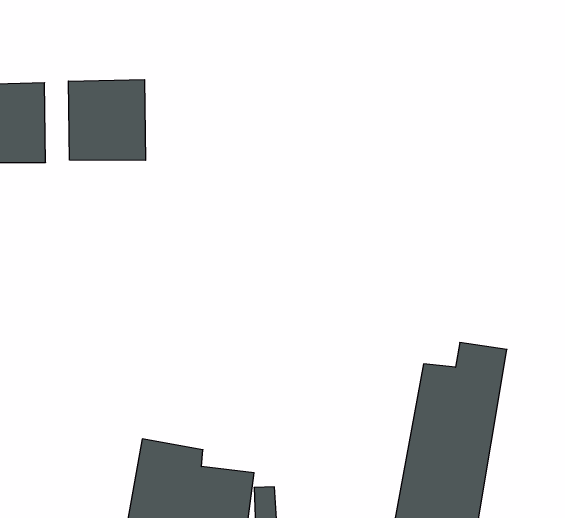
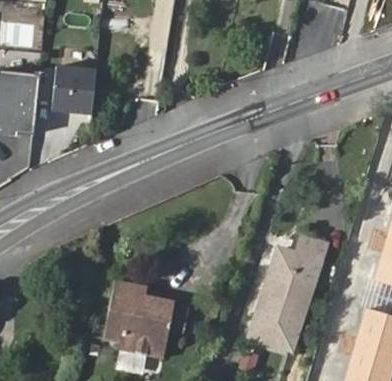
building: [68,80,146,160] -> none

